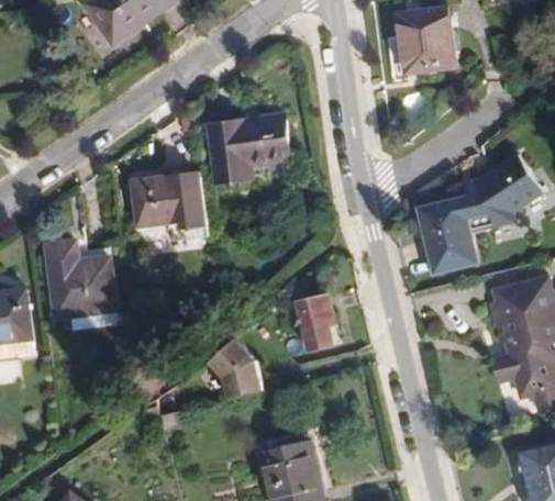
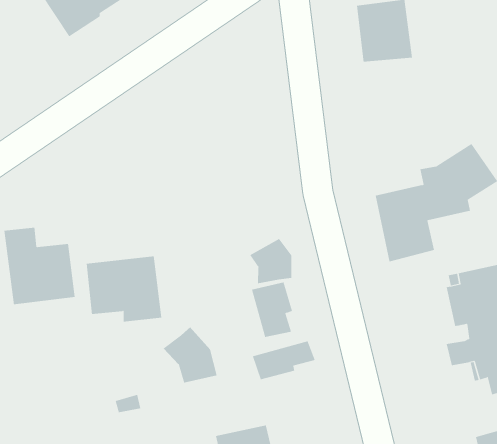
building: [204,112,291,183] -> none
building: [132,171,209,238] -> [86,256,162,322]
building: none -> [250,238,292,284]
building: none -> [252,341,316,380]

